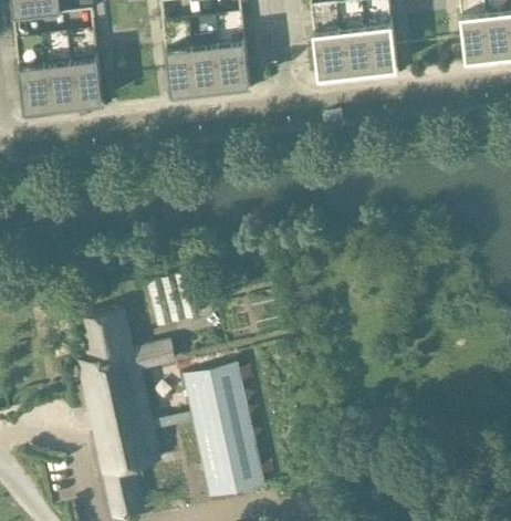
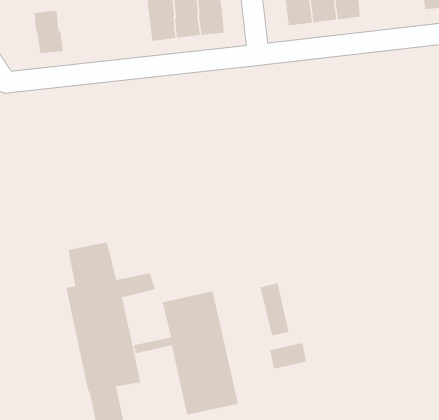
building: [70,58,103,106] -> none
building: [19,64,51,113] -> none
building: none -> [259,283,289,336]
building: none -> [269,342,307,370]

